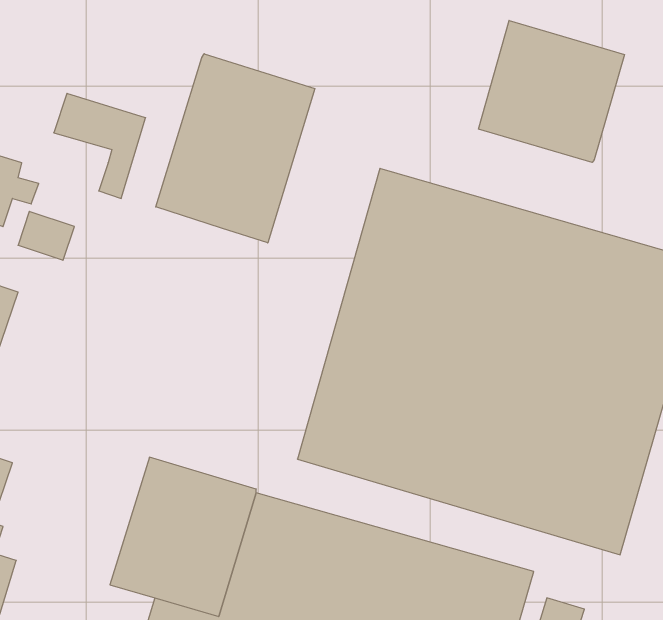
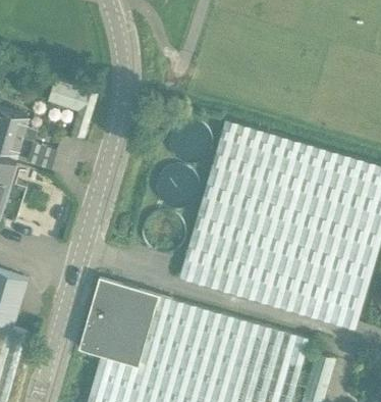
building: [478,20,624,162] -> none
building: [156,54,315,243] -> none

